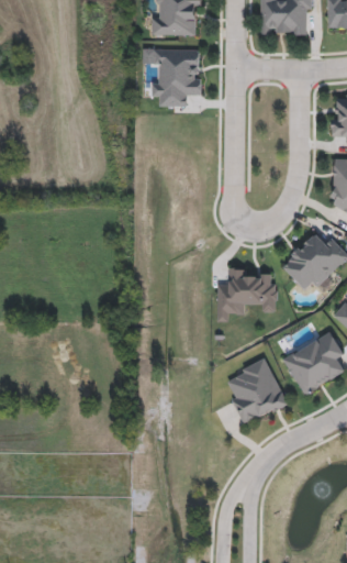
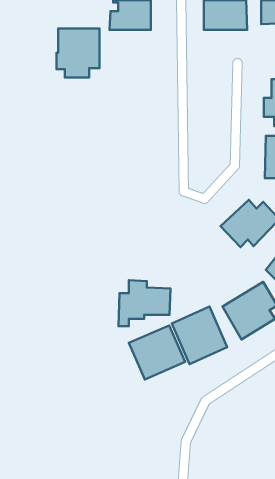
building: [152,48,202,106] -> [56,28,100,78]
building: [217,267,278,321] -> [119,280,170,326]
building: none -> [129,325,185,379]

